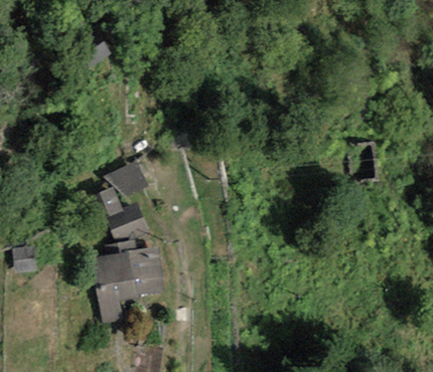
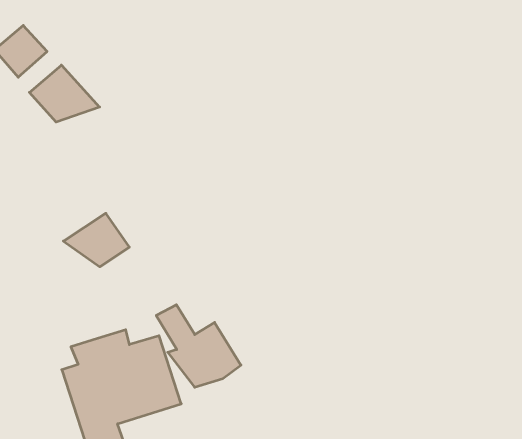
building: none -> [29,65,100,122]
building: [100,187,150,242] -> [156,305,241,387]

